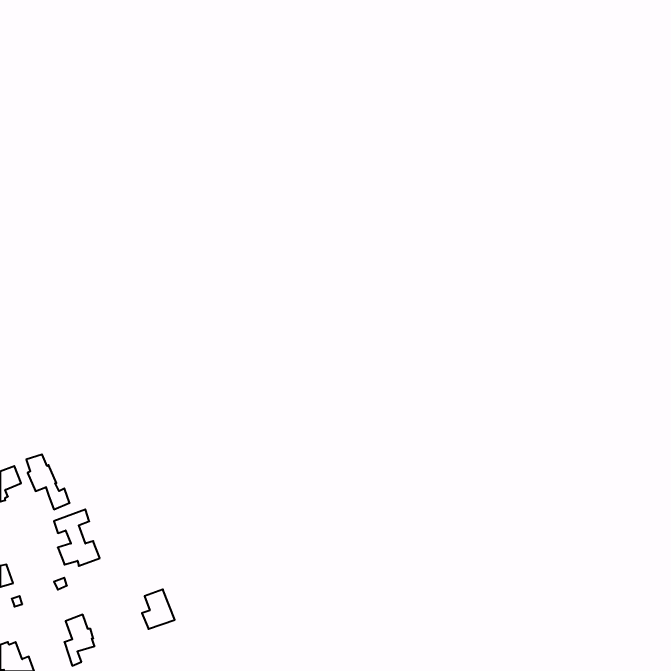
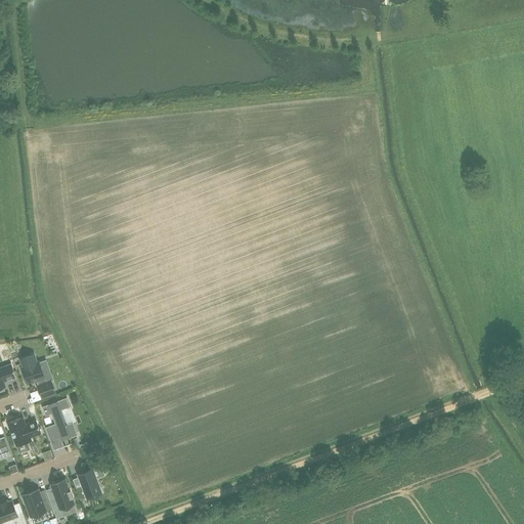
building: none -> [8,418,41,445]
building: [142,589,175,629] -> [76,469,101,499]
building: none -> [21,489,52,518]

